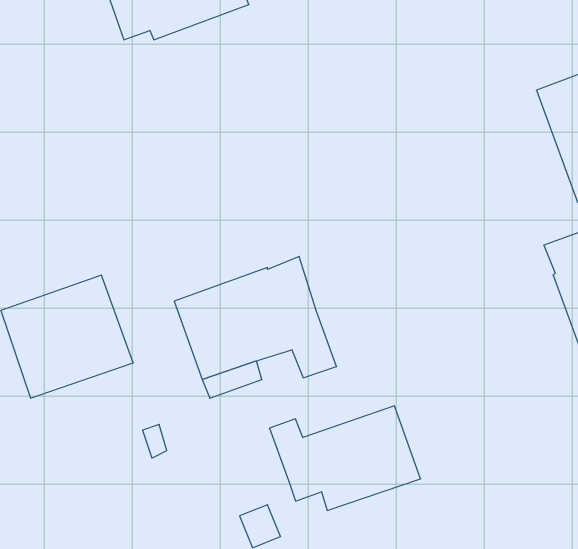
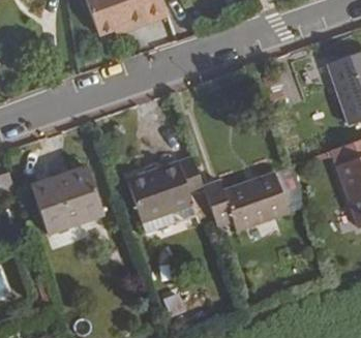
building: [269,406,421,510] -> [205,173,289,231]

